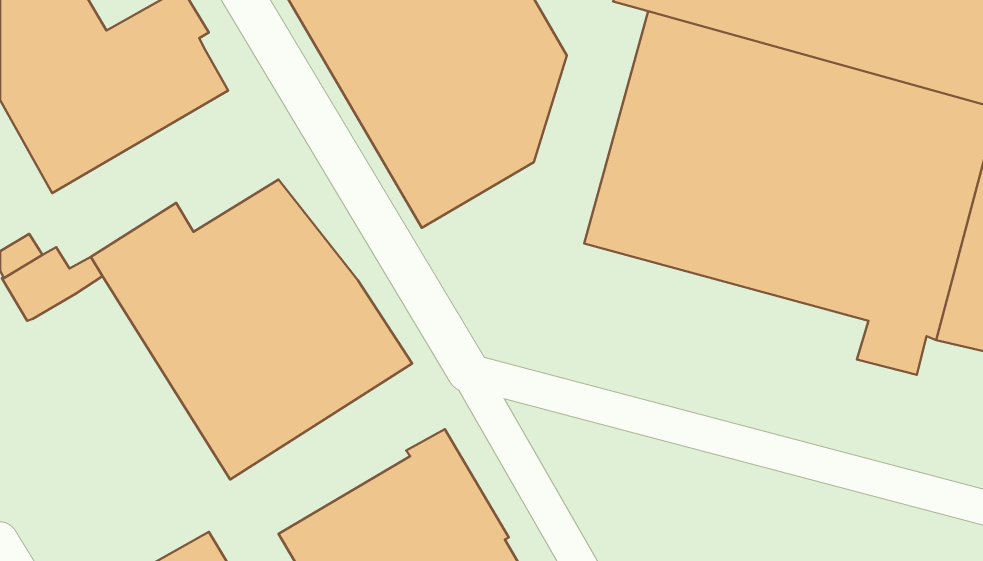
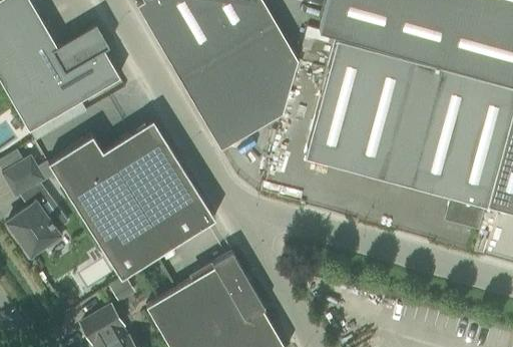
building: none -> [8,184,70,257]

